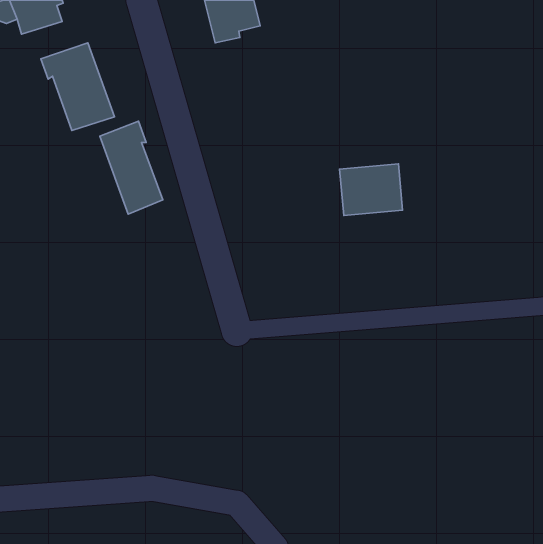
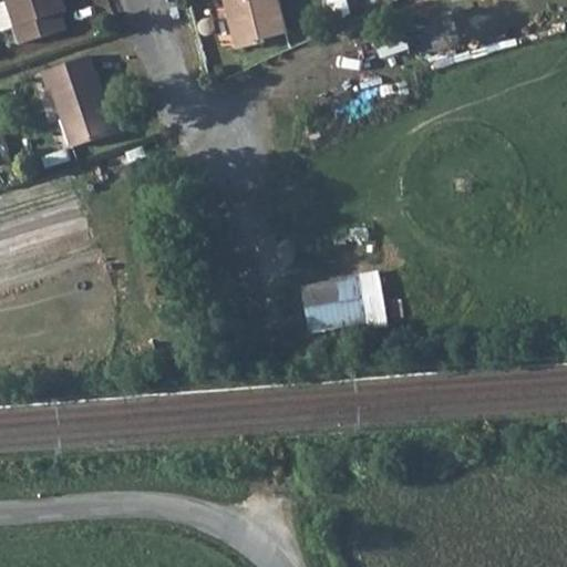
building: [100,121,163,214] -> none
building: [339,164,403,215] -> [303,280,369,333]

